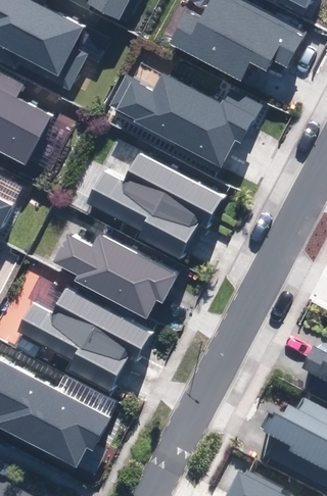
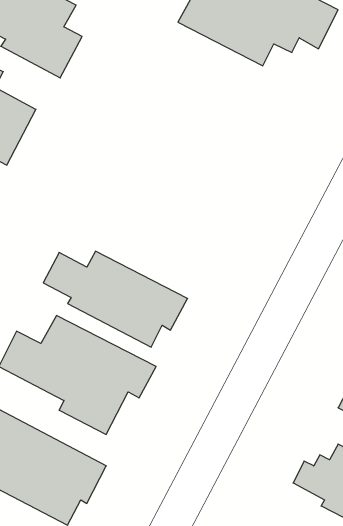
building: [111,72,262,166] -> none
building: [87,154,221,256] -> none

